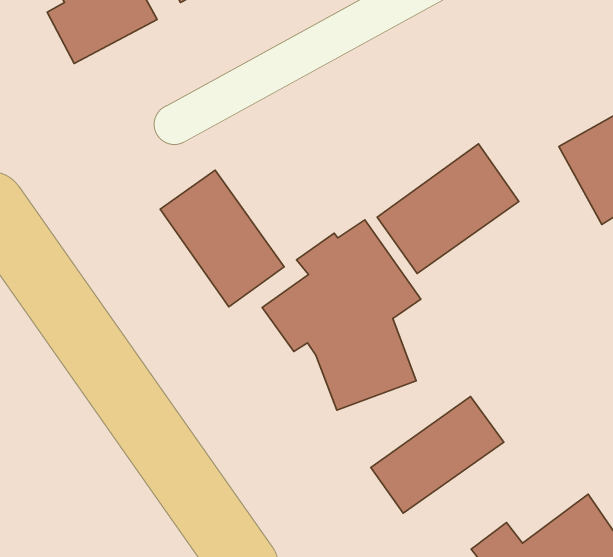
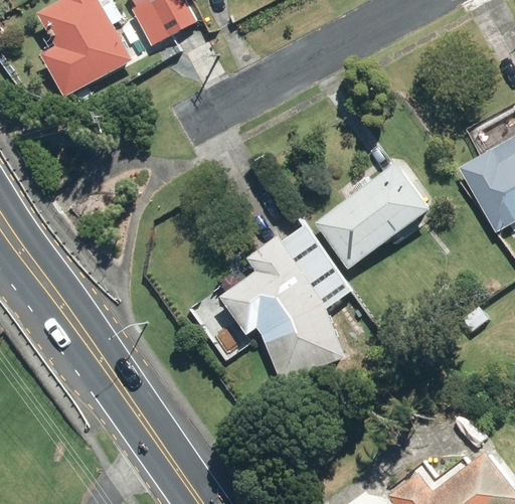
building: [160,170,284,307] -> none
building: [371,396,504,513] -> none

